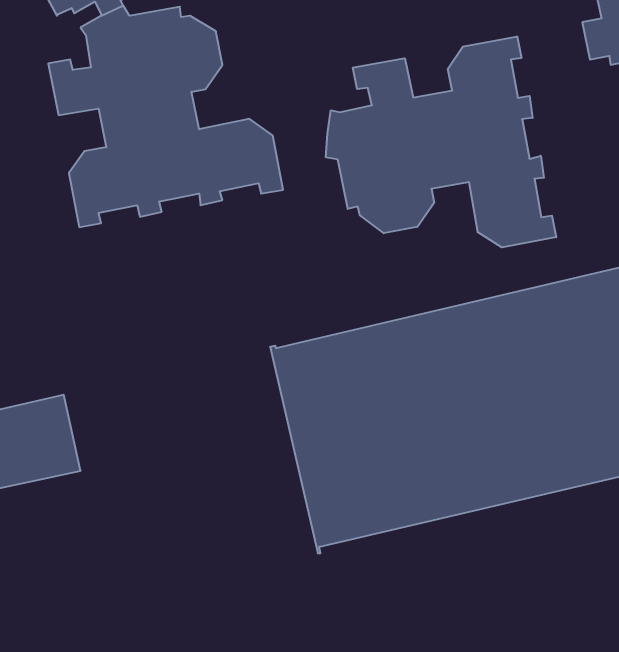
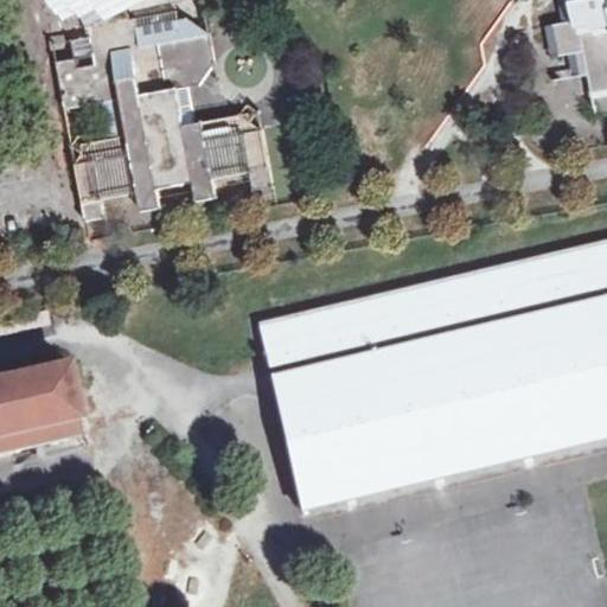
building: [326,36,556,247] -> none

